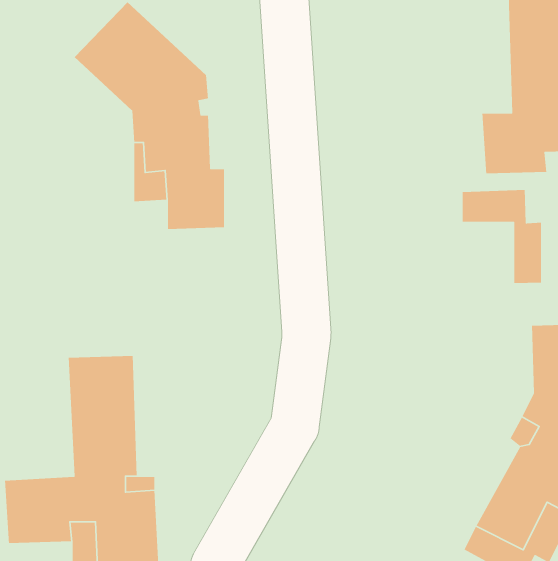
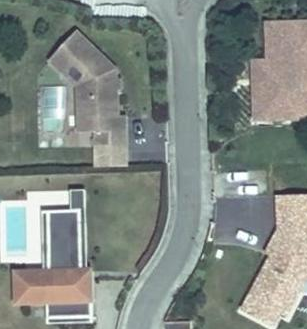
building: [462,189,542,284] -> none

